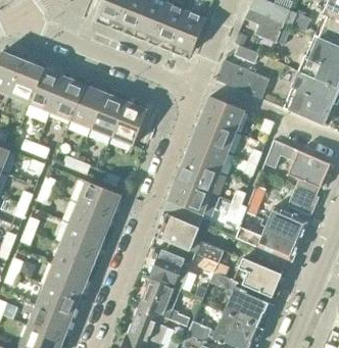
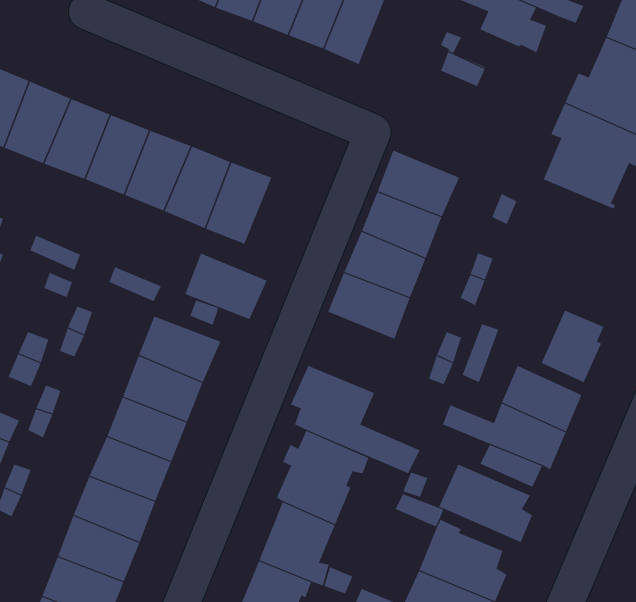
building: [215,59,268,98] -> none
building: [264,140,330,187] -> none
building: [167,179,210,213] -> [185,253,268,320]

